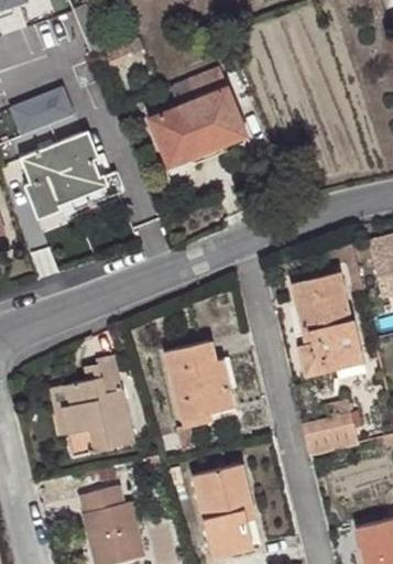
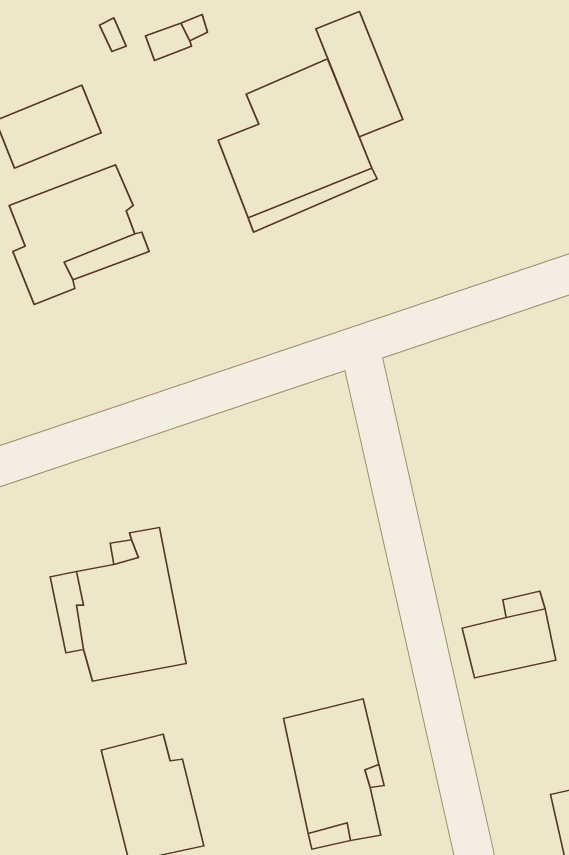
building: none -> [316,11,403,137]
building: [297,269,364,373] -> none
building: [161,343,232,430] -> none

